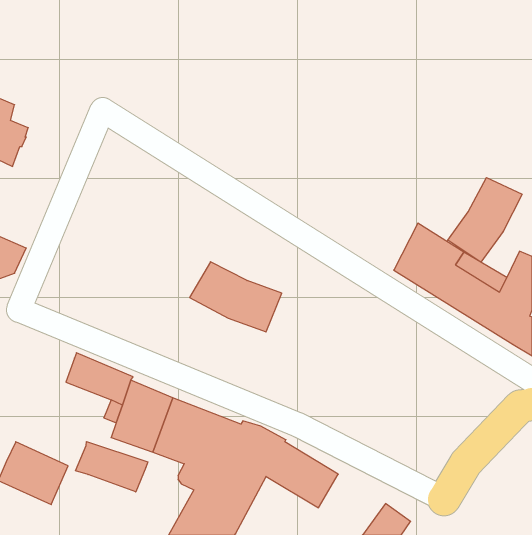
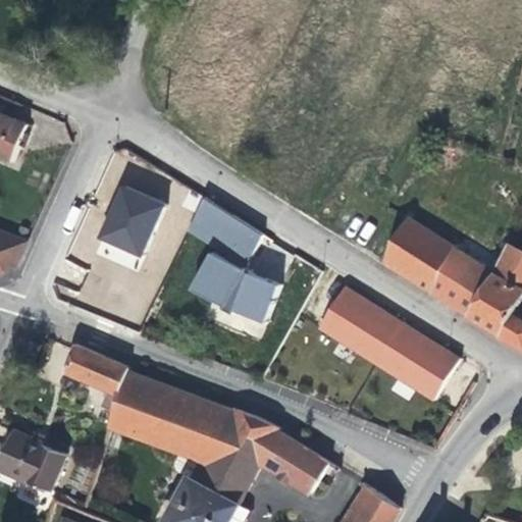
building: [448,178,522,262] -> none
building: none -> [94,186,163,260]
building: none -> [188,198,262,266]
building: none -> [316,286,457,402]
building: [75,442,148,492] -> none

